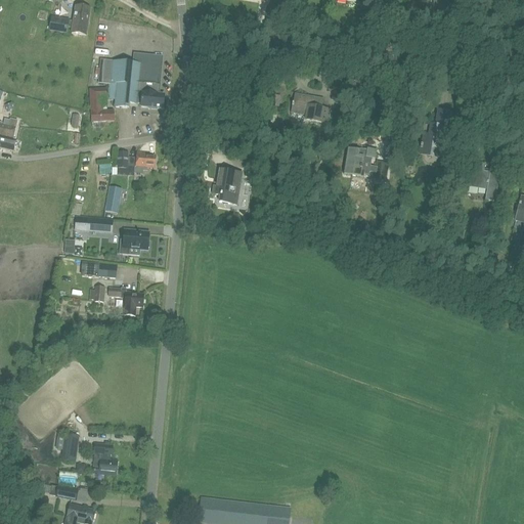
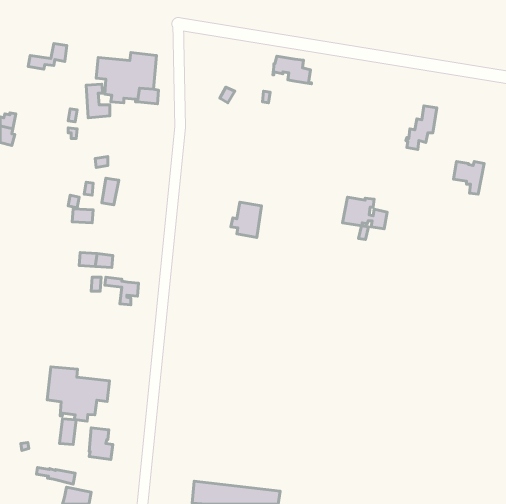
building: [49,5,89,32] -> [28,44,67,69]
building: [291,94,331,123] -> [273,56,312,84]
building: [343,146,389,179] -> [342,197,387,229]
building: [117,149,156,174] -> none
building: [211,168,243,205] -> [231,202,262,238]
building: [124,232,149,259] -> none
building: none -> [47,367,109,421]

